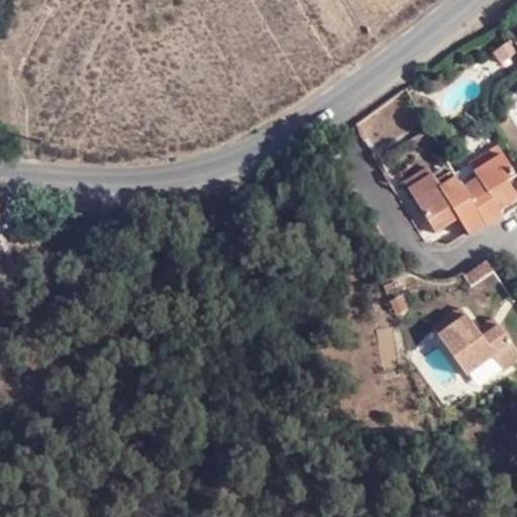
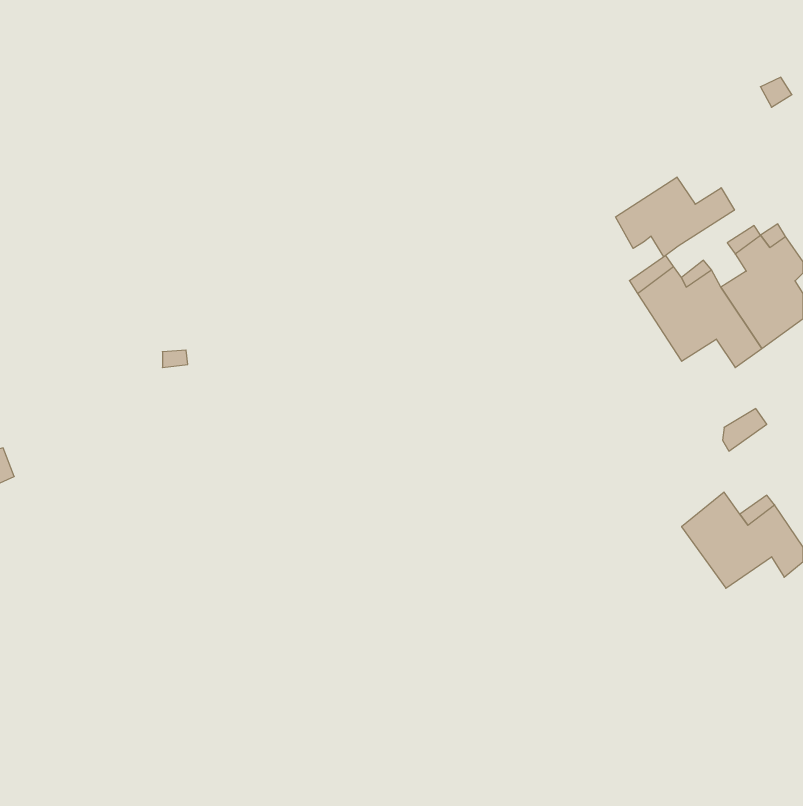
building: none -> [616,177,734,257]

